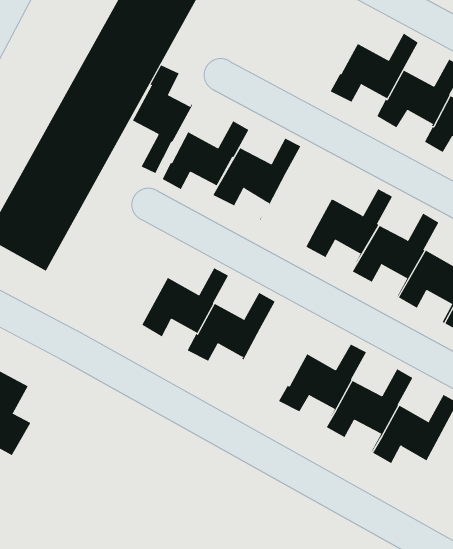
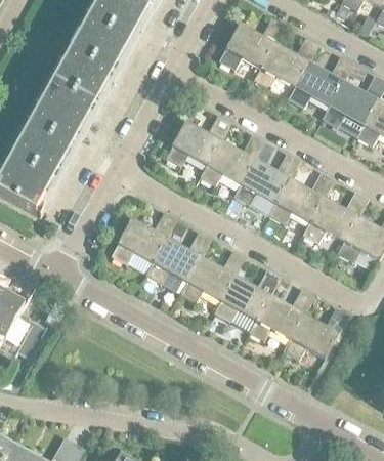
building: none -> [217,17,284,69]
building: [132,64,202,174] -> none
building: [162,120,249,205] -> [199,133,264,197]
building: none -> [178,250,245,302]

